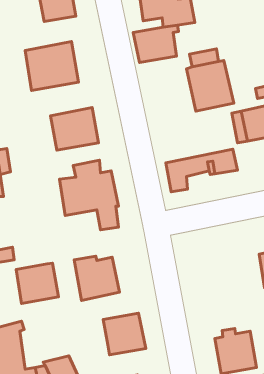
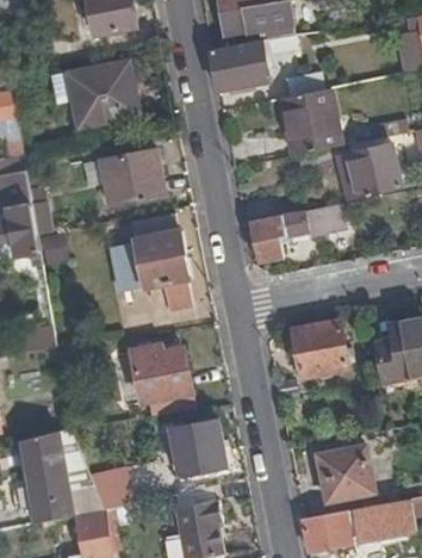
building: none -> [293,320,347,373]
building: [16,263,59,304] -> none

